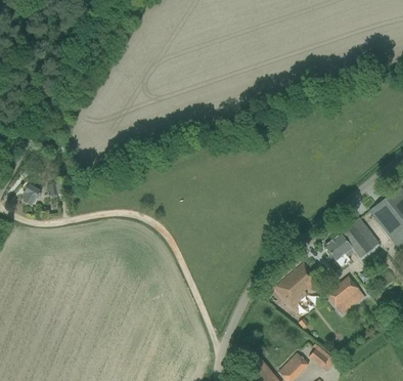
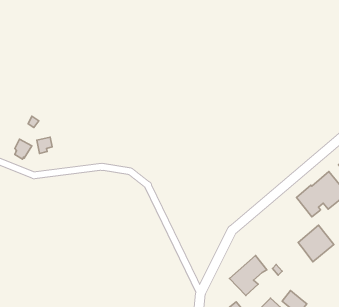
building: [276,263,316,306] -> [230,255,267,296]

